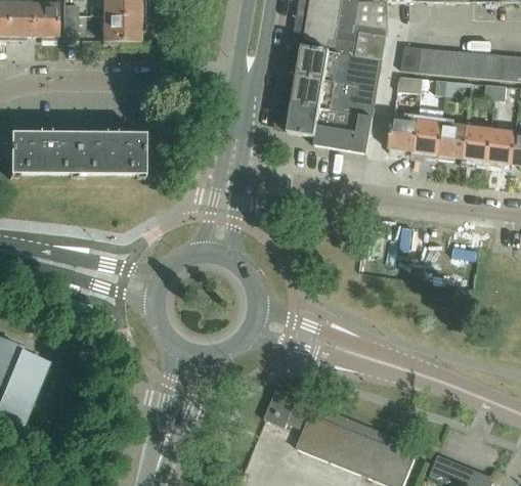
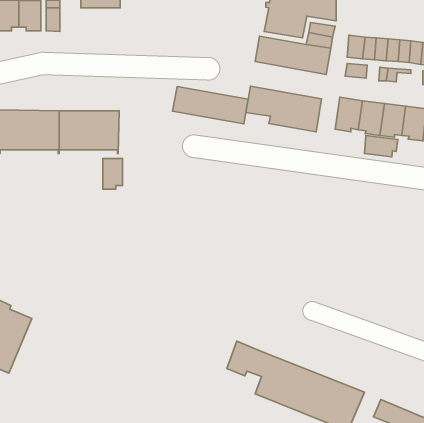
building: [101,14,145,44] -> none
building: [292,75,377,117] -> [173,86,248,124]
building: none -> [365,135,398,157]
building: none -> [103,159,123,189]

